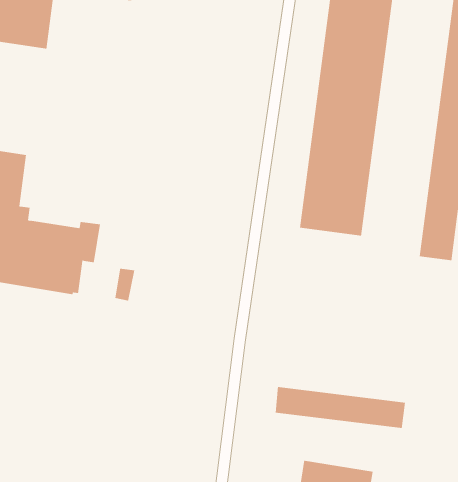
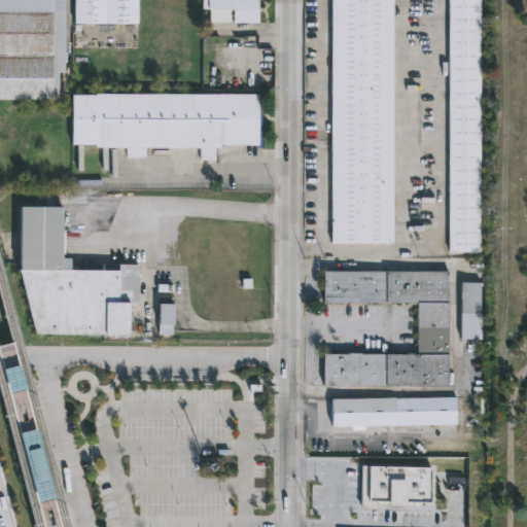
building: none -> [72,95,260,160]
building: none -> [323,270,449,385]
building: none -> [461,280,482,339]

